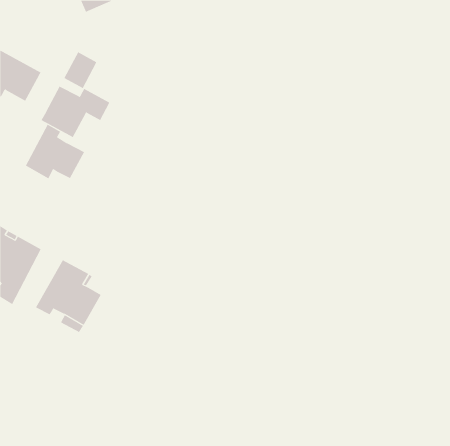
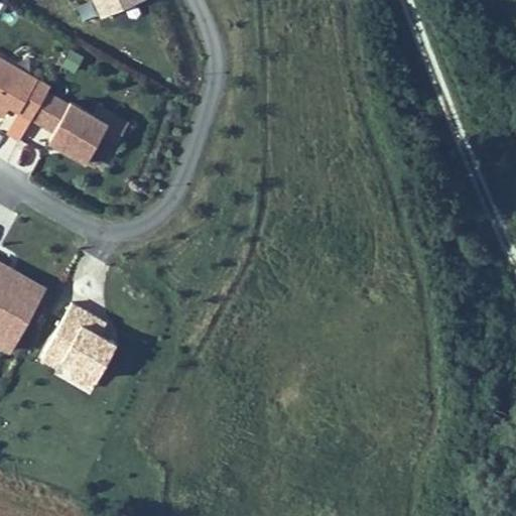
building: [64,52,97,89] -> [29,92,68,134]
building: [25,124,85,179] -> none

